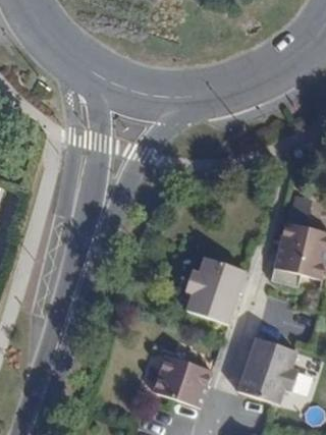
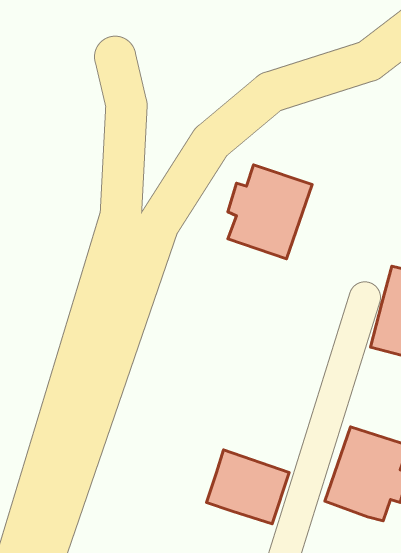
building: [186,254,247,321] -> [228,165,312,259]

